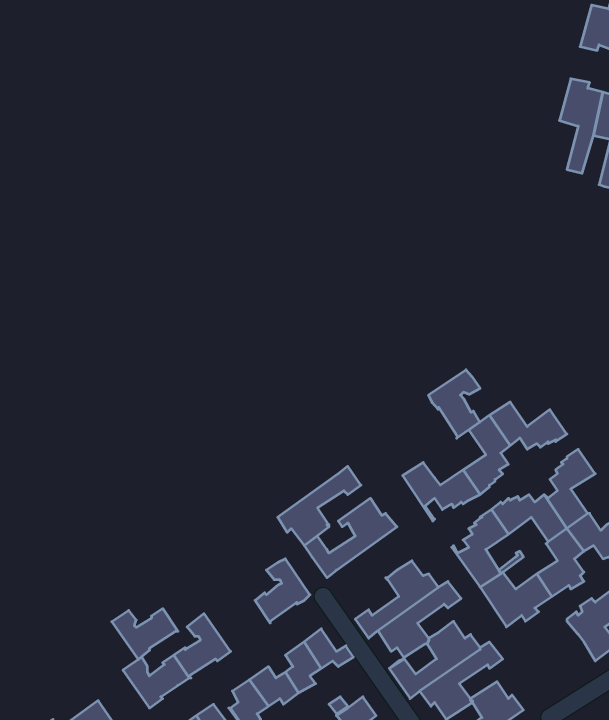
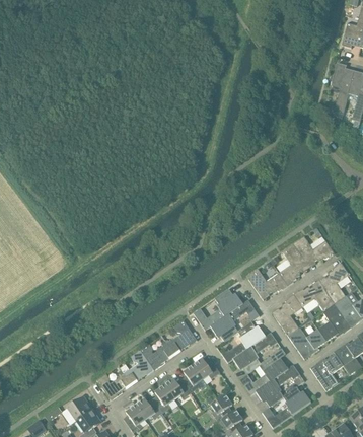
building: [429,370,480,438] -> none
building: [278,466,361,546] -> [211,298,256,341]
building: [112,609,178,660] -> [140,342,175,369]
building: none -> [311,353,350,390]

